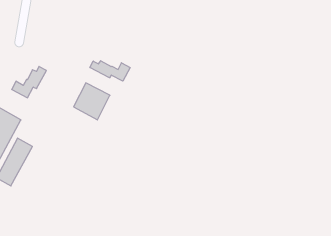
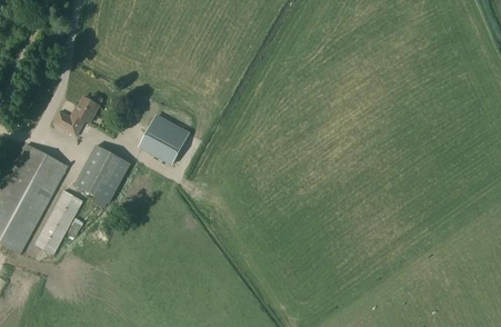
building: [90,61,130,81] -> none
building: none -> [73,146,129,205]

